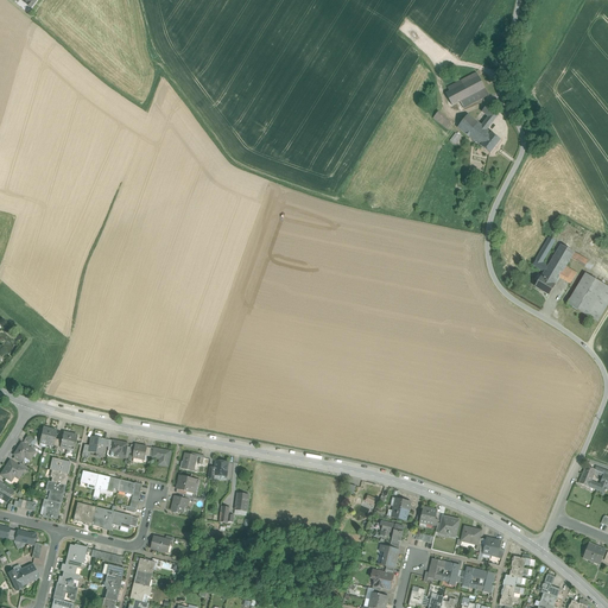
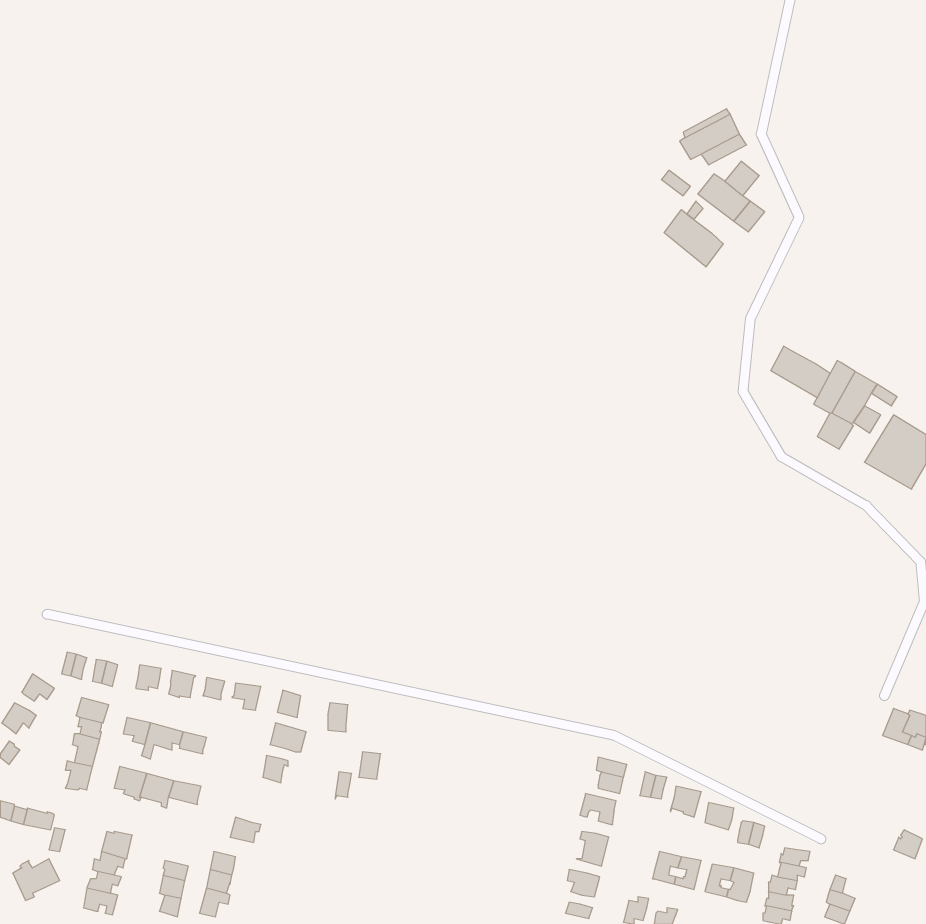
building: none -> [664,210,723,267]
building: none -> [771,346,830,398]

